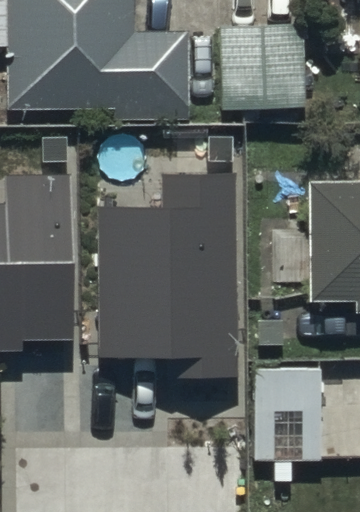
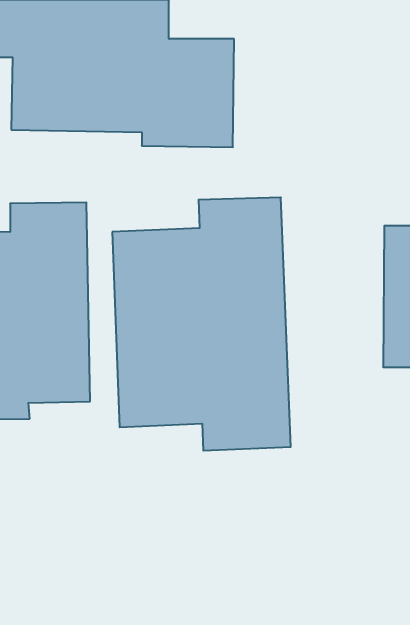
building: [220,27,310,110] -> none
building: [257,371,322,462] -> none

